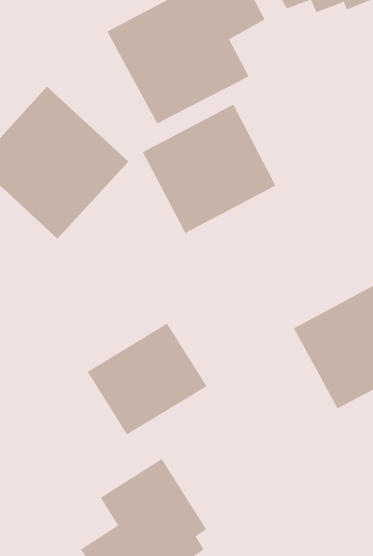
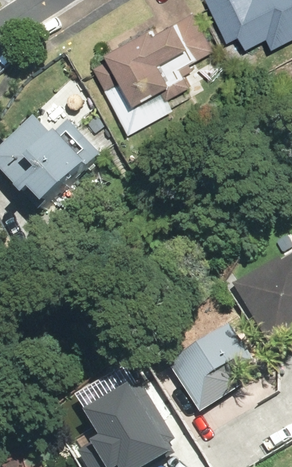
building: [142,104,276,234] -> none
building: [87,323,207,435] -> [169,329,260,414]

